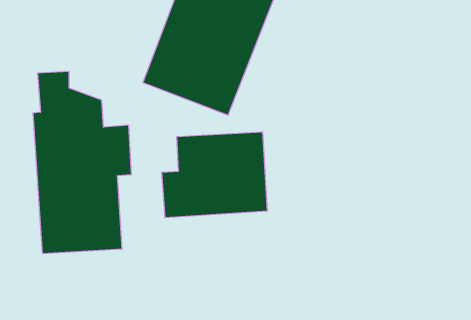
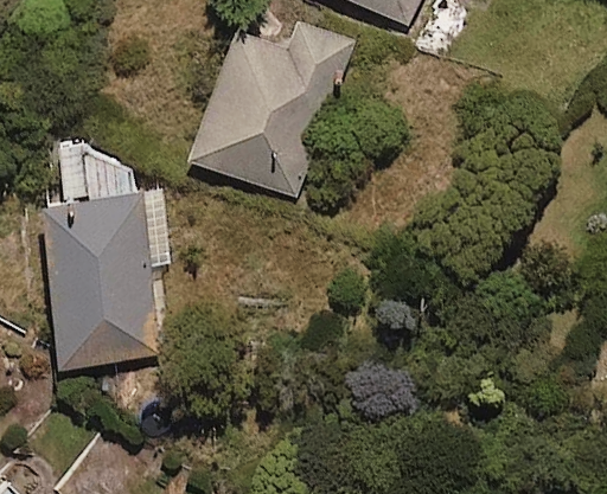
building: [162,132,267,218] -> none

